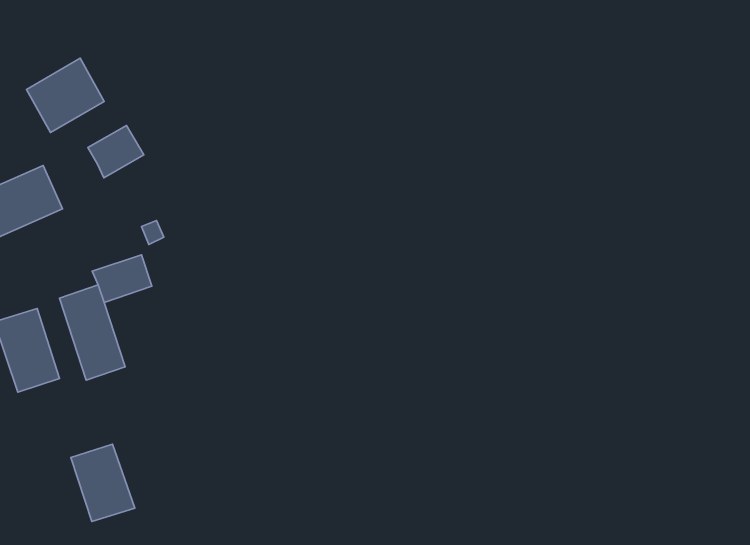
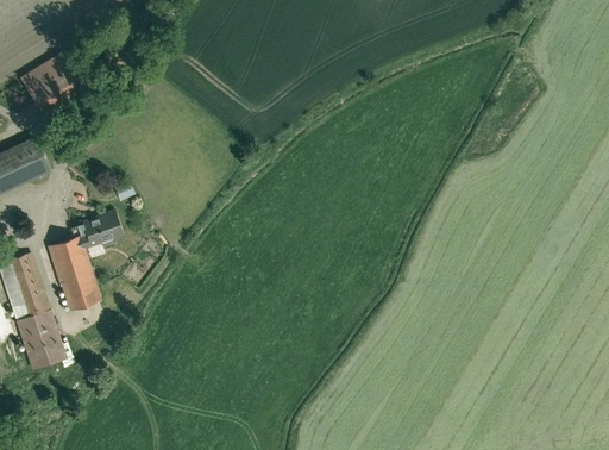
building: [88,126,144,178] -> none
building: [71,444,135,522] -> [15,308,67,370]

